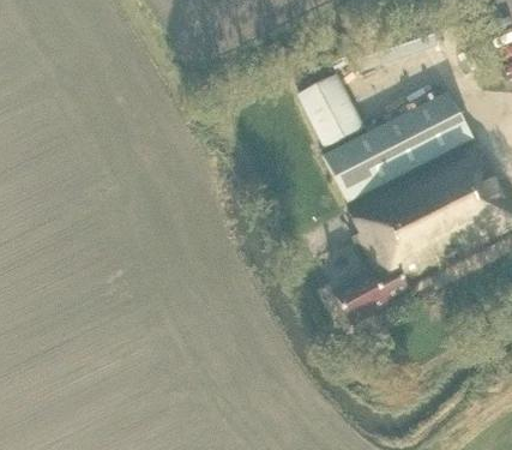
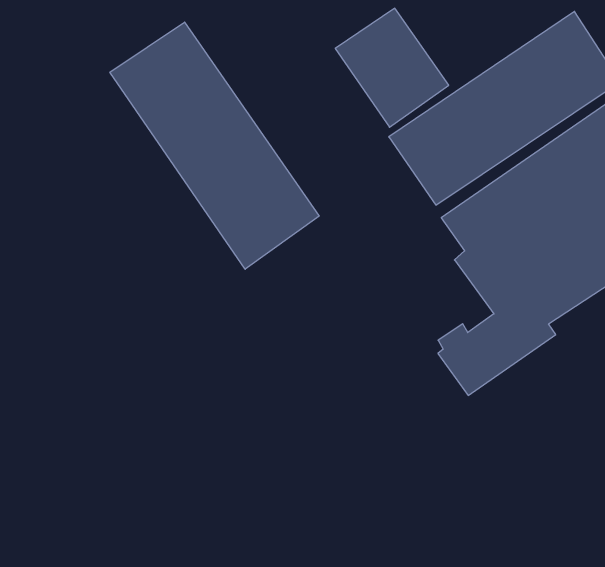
building: none -> [110,22,319,269]

